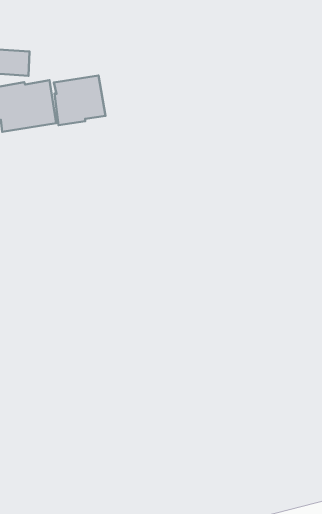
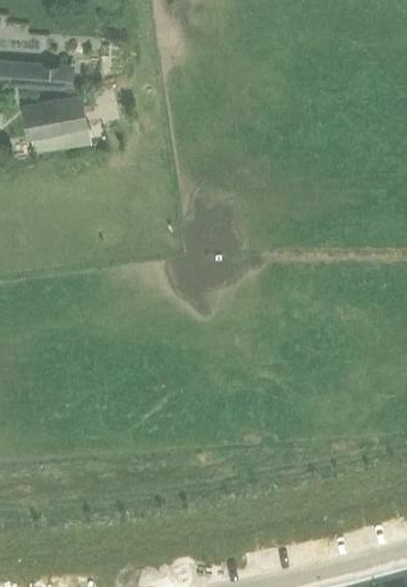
building: [54,75,105,125] -> none

